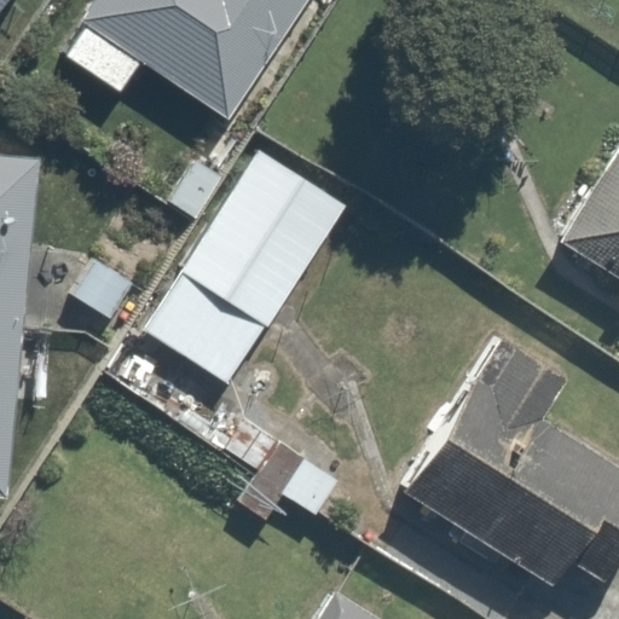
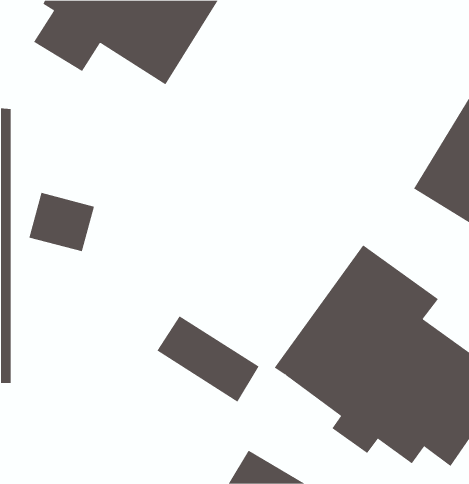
building: [146,151,353,392] -> none

